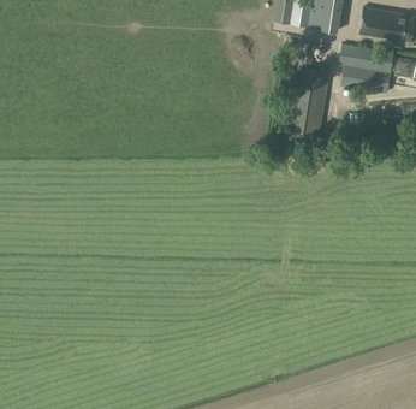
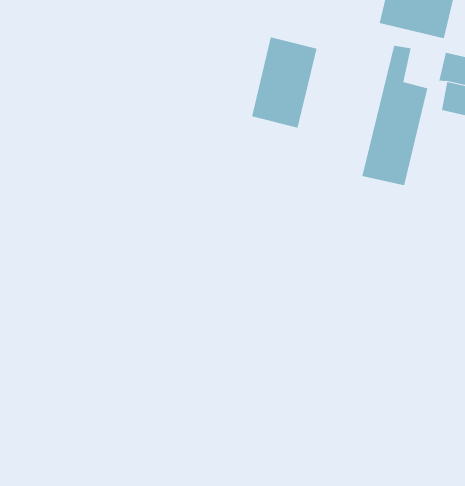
building: none -> [251,37,317,128]

